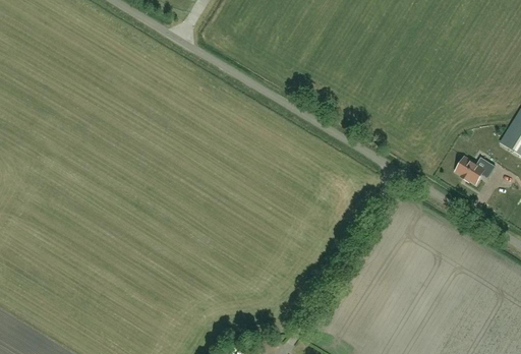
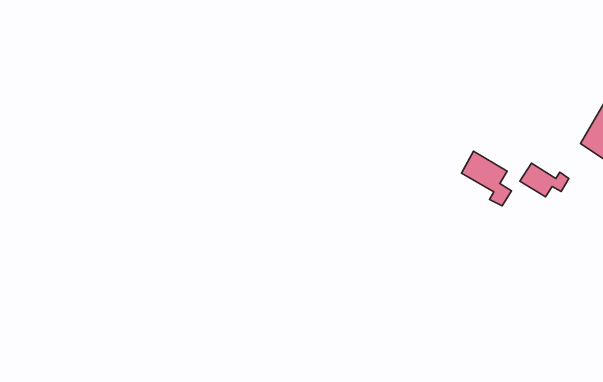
building: none -> [461,151,511,206]

